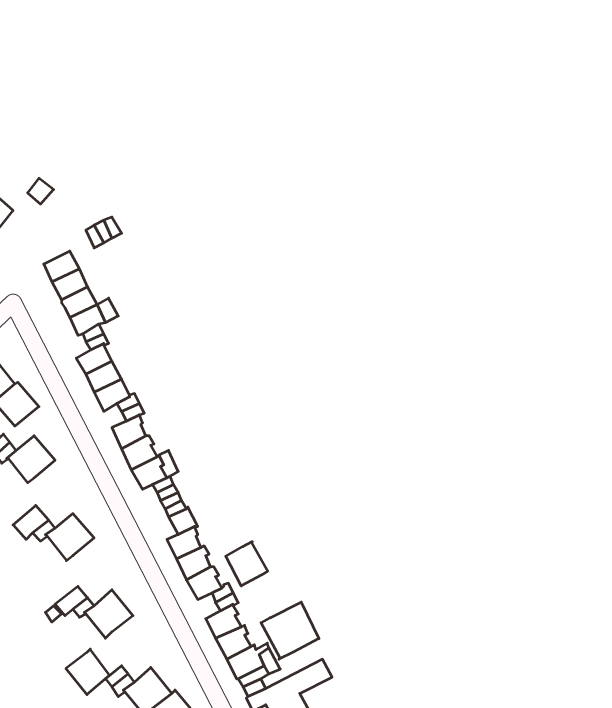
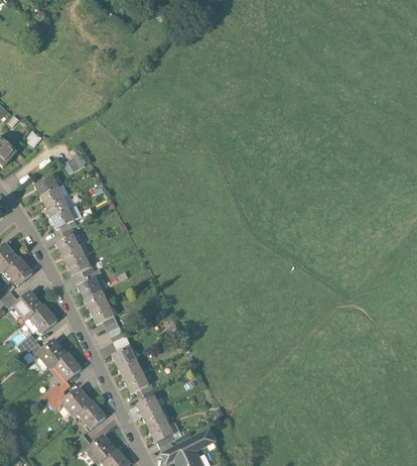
building: none -> [30,305,57,332]
building: none -> [54,353,82,380]
building: [226,542,268,586] -> none
building: [261,602,319,659] -> none
building: [66,649,110,695] -> [79,400,106,429]

